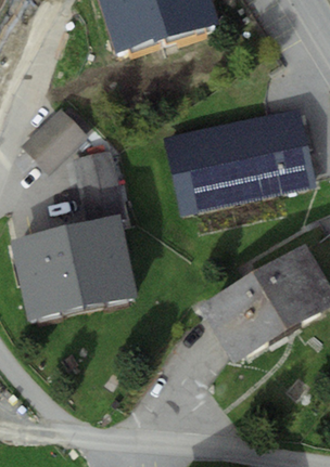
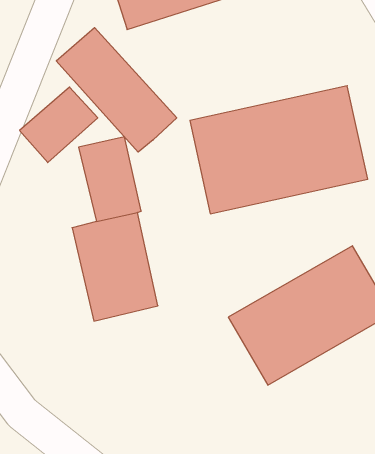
building: none -> [56,28,177,152]
building: [12,229,85,320] -> none

